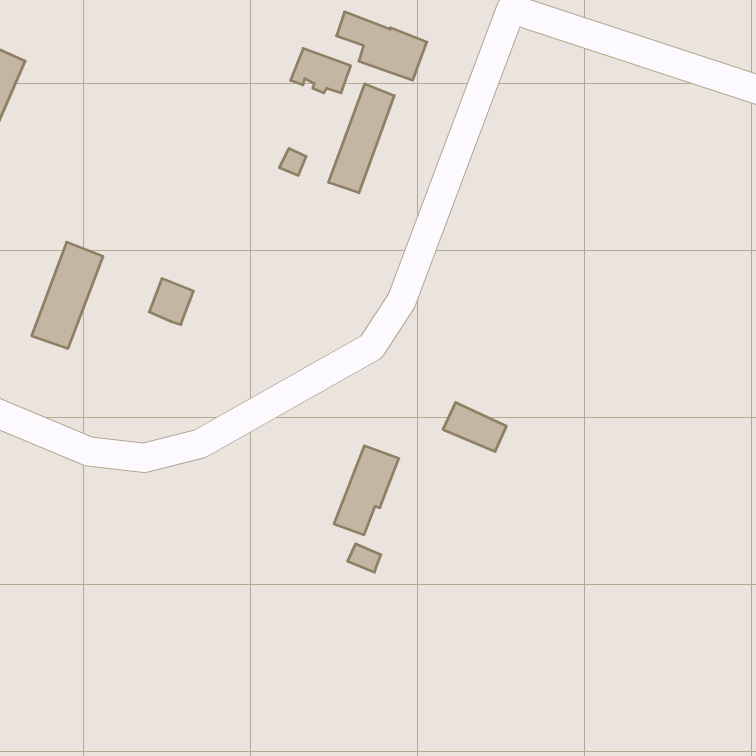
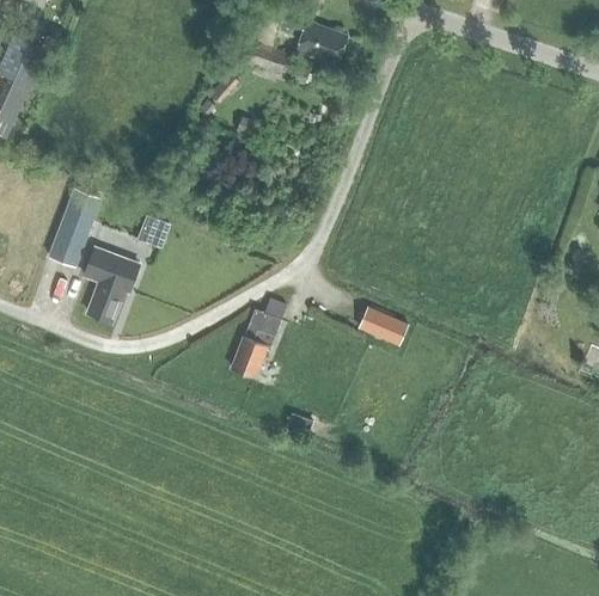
building: [329,84,394,193] -> none
building: none -> [85,247,140,321]
building: [334,446,399,535] -> [232,309,281,376]

